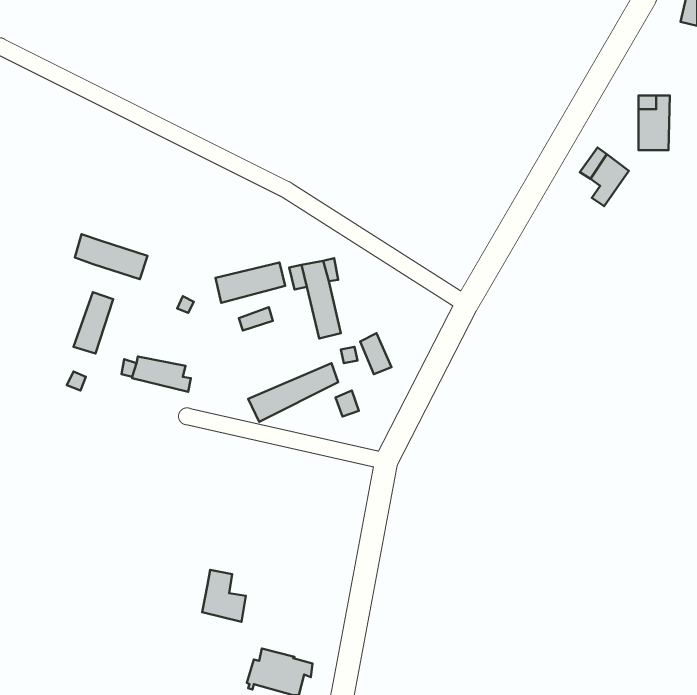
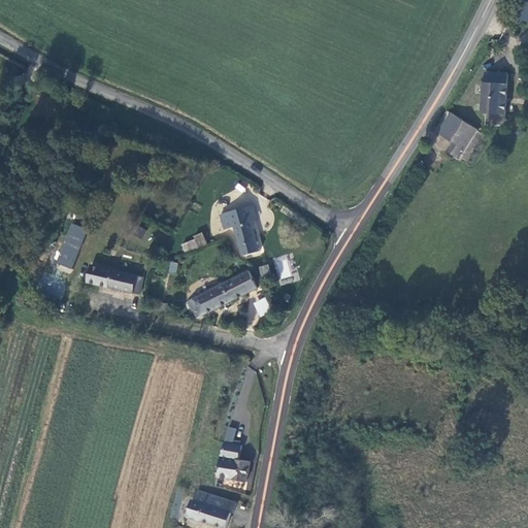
building: [75,234,148,279] -> none
building: [215,262,285,303] -> none
building: [202,570,246,622] -> [217,442,250,482]

